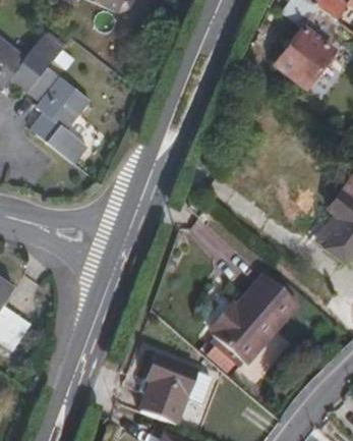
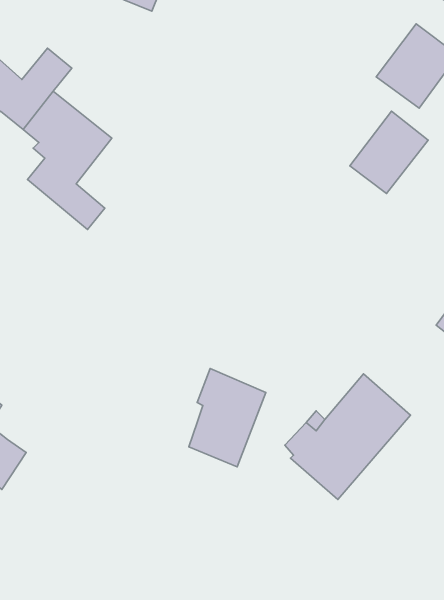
building: none -> [350,111,428,193]
building: [142,353,197,424] -> [189,368,266,467]

